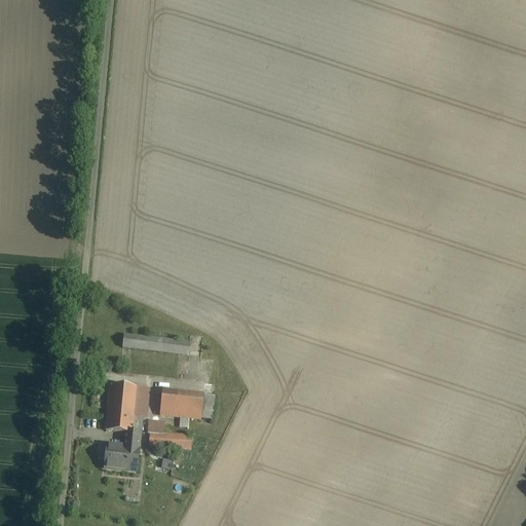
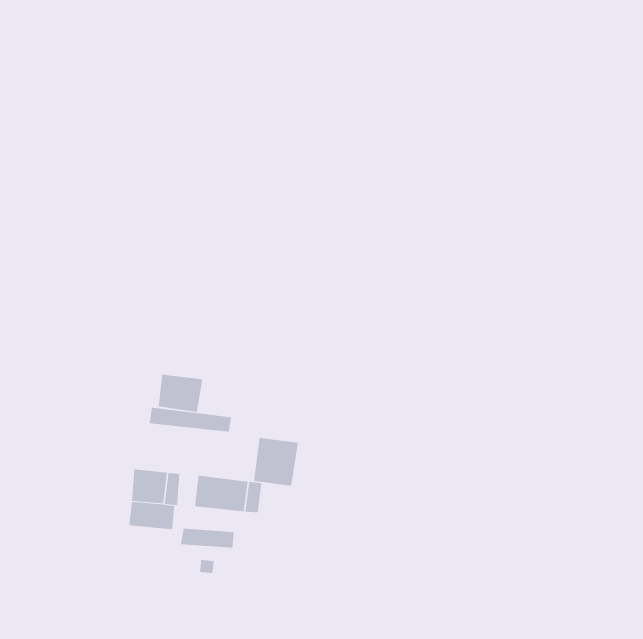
building: none -> [158,374,203,413]
building: none -> [254,437,298,486]
building: [104,430,139,468] -> none

